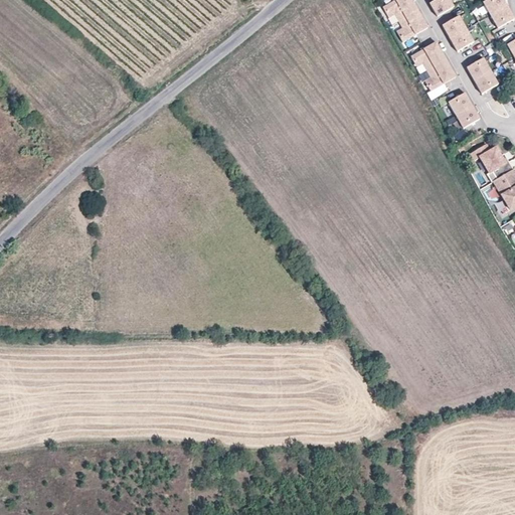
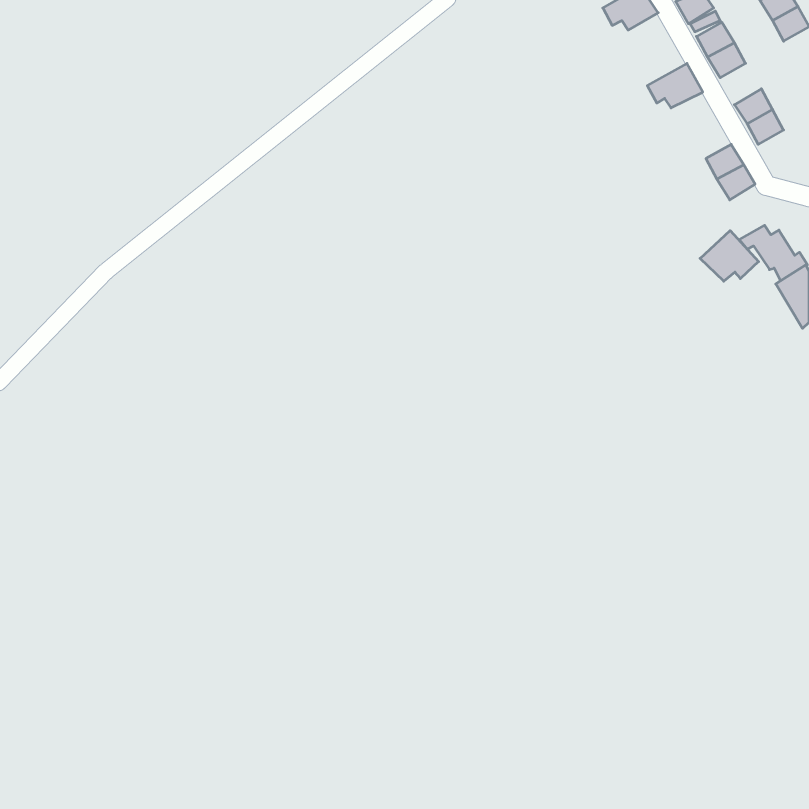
building: [396,8,427,40] -> none
building: [423,58,456,90] -> none
building: none -> [700,231,759,281]

